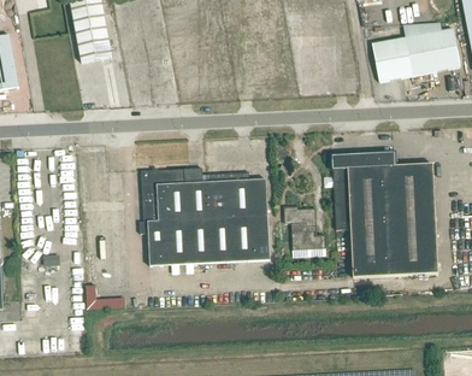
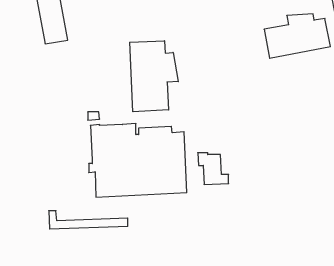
building: none -> [130,41,178,112]
building: [329,151,437,277] -> none

